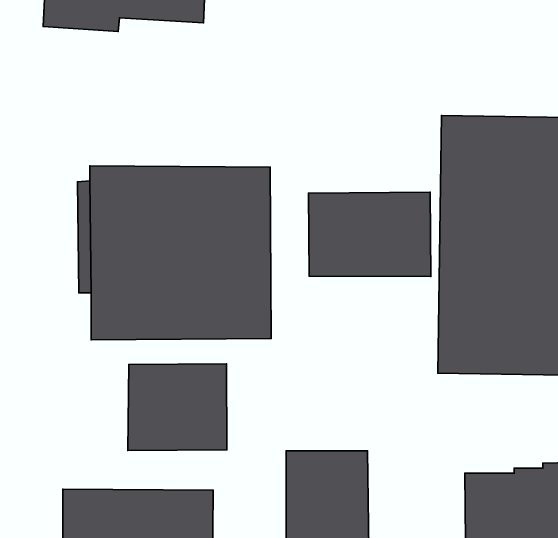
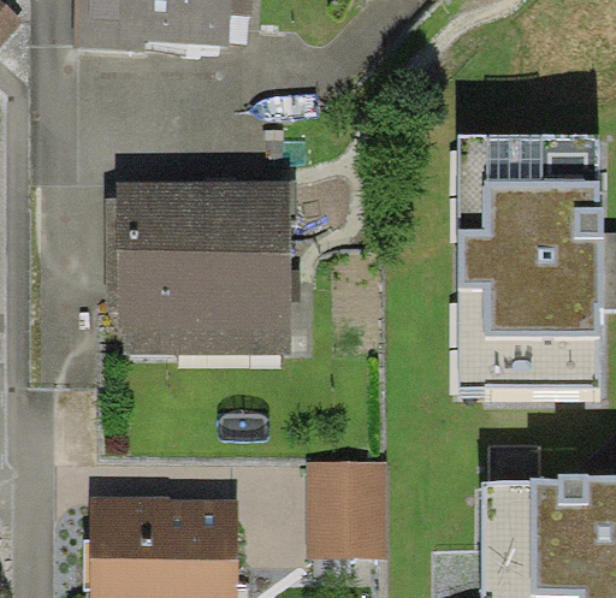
building: [309,192,431,277] -> none
building: [128,364,227,450] -> none

